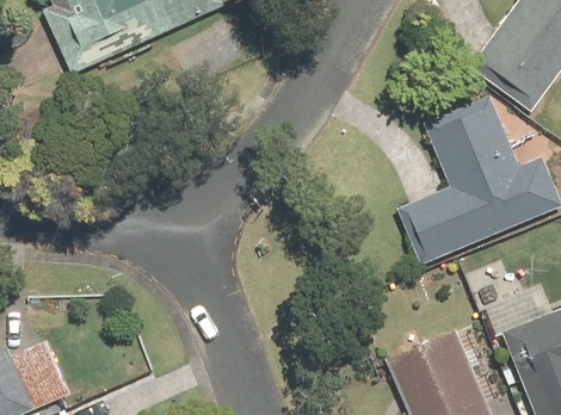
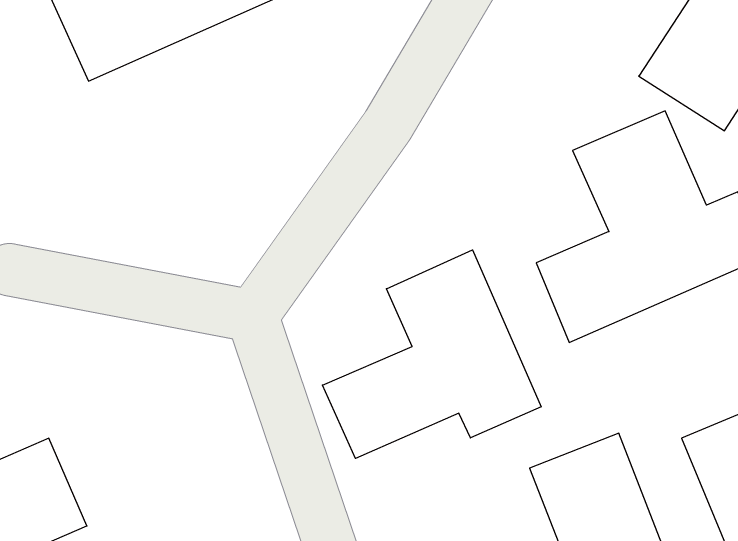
building: none -> [322,250,541,458]

